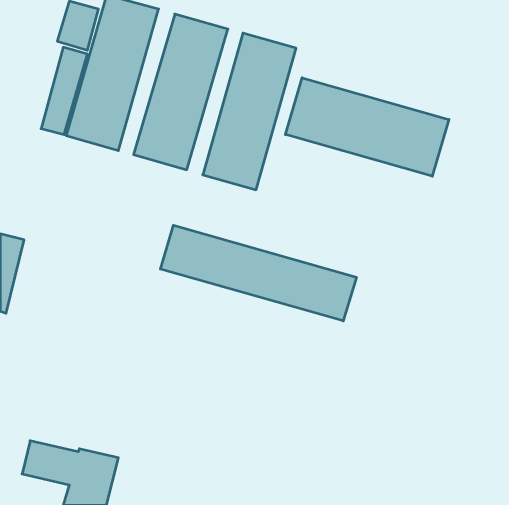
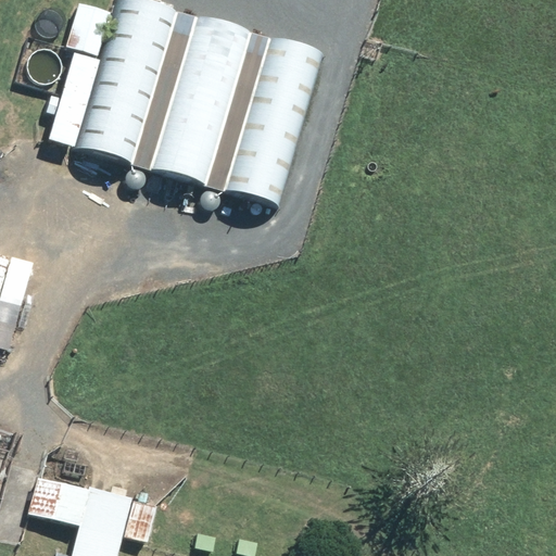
building: [285,78,449,176] -> none
building: [160,225,356,321] -> none

